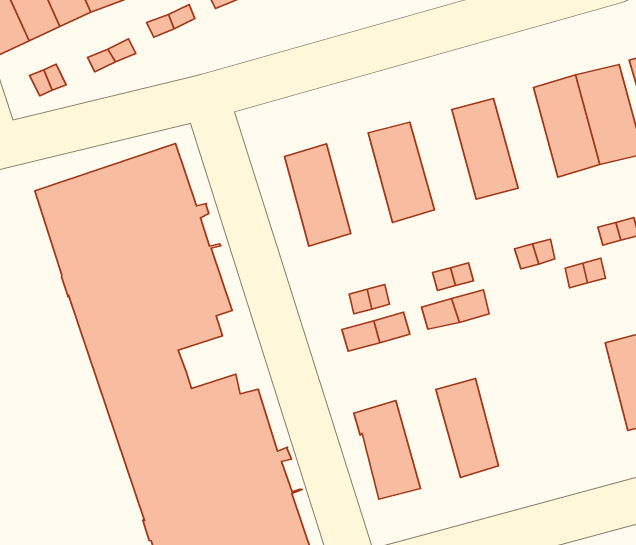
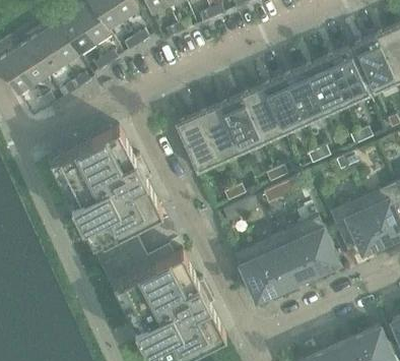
building: none -> [284,67,325,122]
building: none -> [242,85,283,140]
building: none -> [199,105,241,160]
building: none -> [330,197,383,251]
building: none -> [297,218,338,272]
building: none -> [257,236,297,290]

